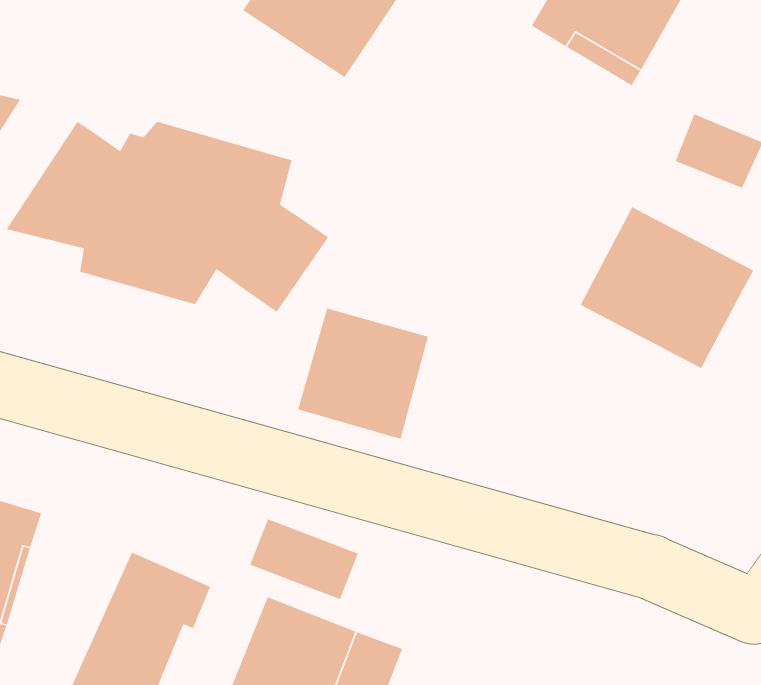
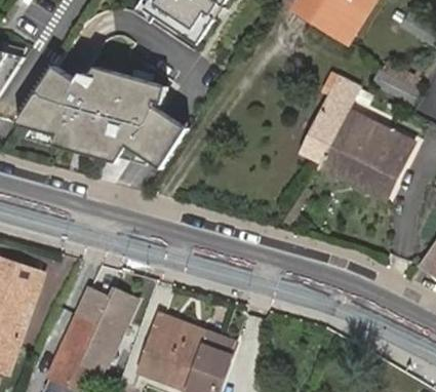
building: none -> [302,77,361,162]
building: [297,307,429,440] -> none
building: [249,518,359,600] -> none

